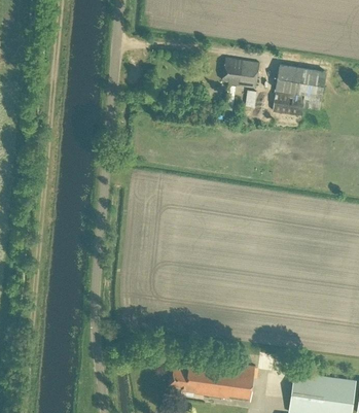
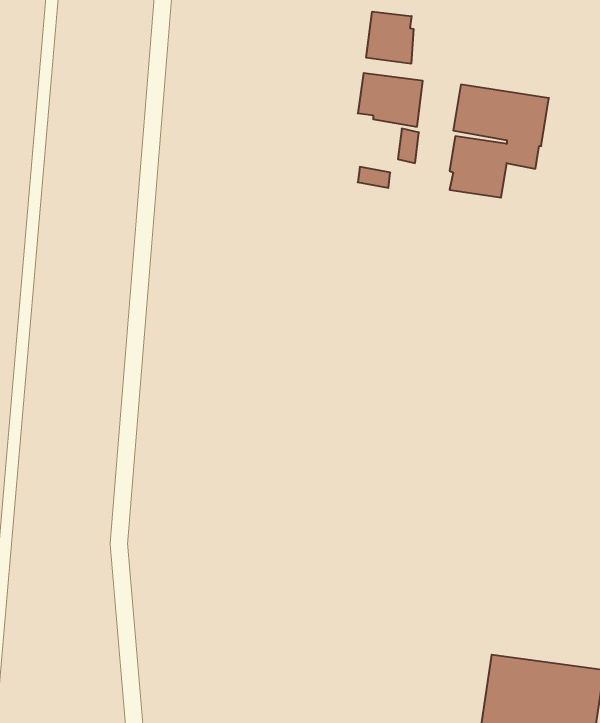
building: none -> [366,12,414,64]
building: [170,356,255,402] -> none

